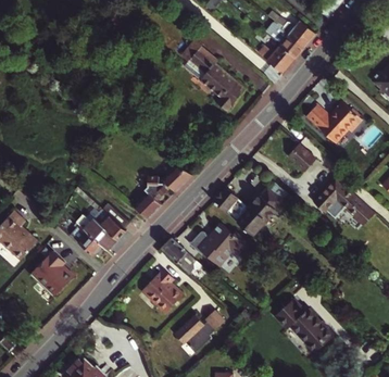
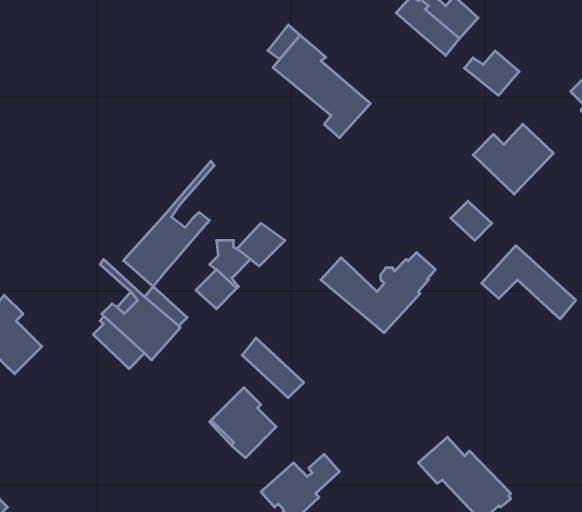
building: [259,45,293,73] -> [464,51,519,95]
building: none -> [123,161,214,287]
building: [191,223,247,269] -> none
building: [29,251,72,298] -> none

